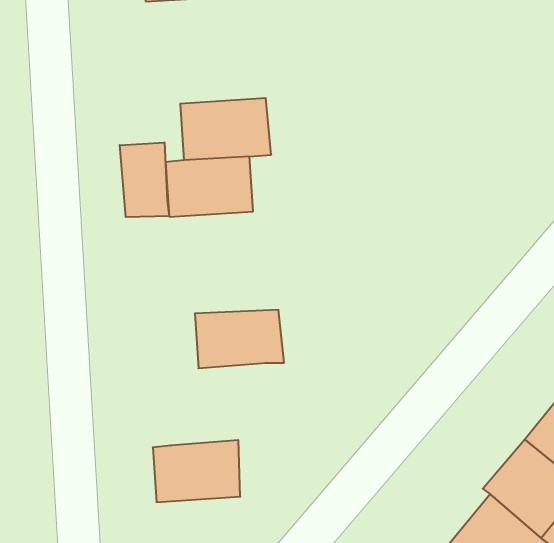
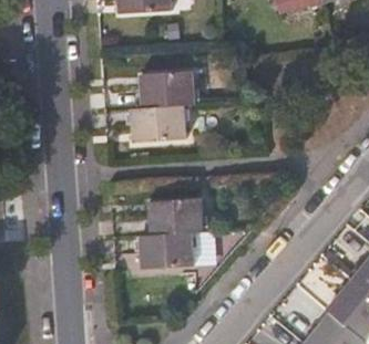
building: [120,142,169,217] -> none
building: [153,440,240,502] -> [140,232,193,270]

